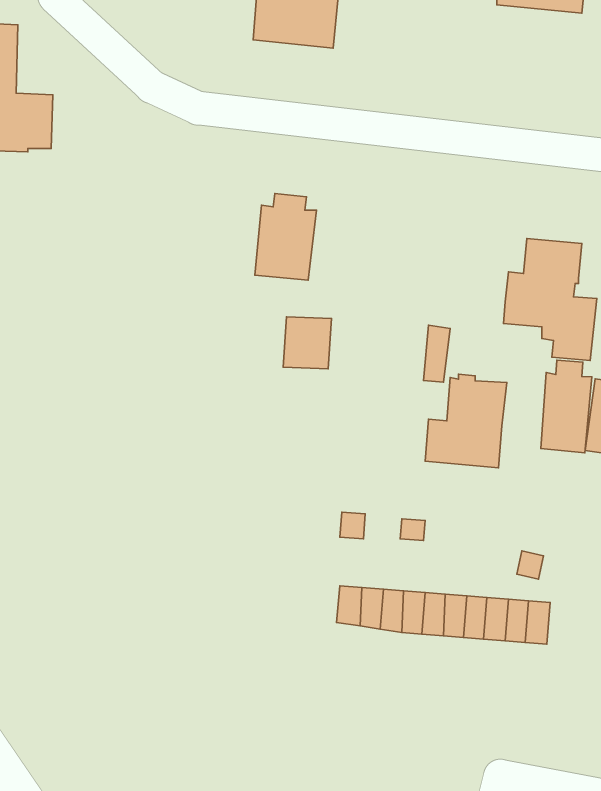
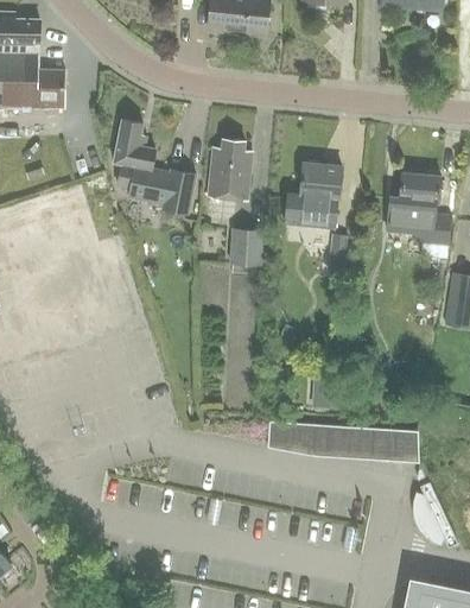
building: none -> [113,119,196,215]
building: [541,360,592,453] -> none
building: [425,374,507,468] -> [285,160,343,227]

